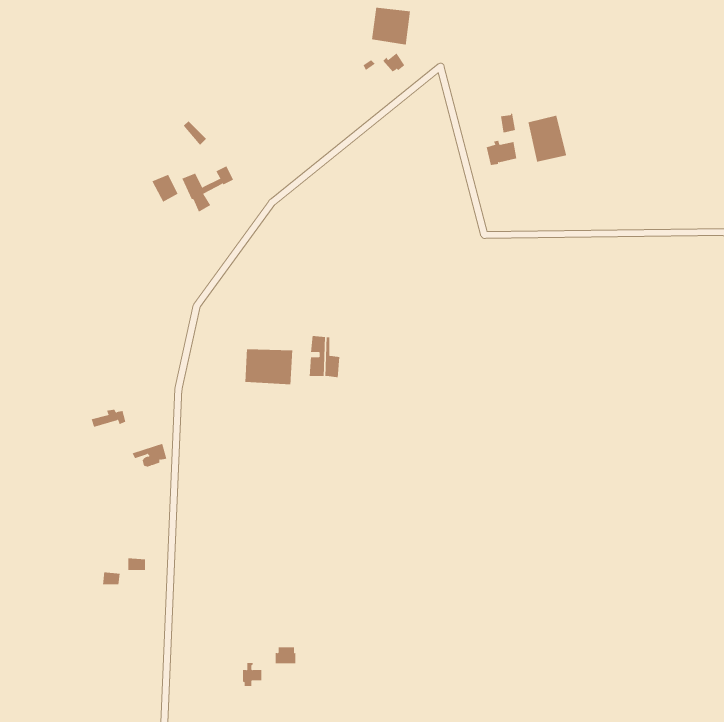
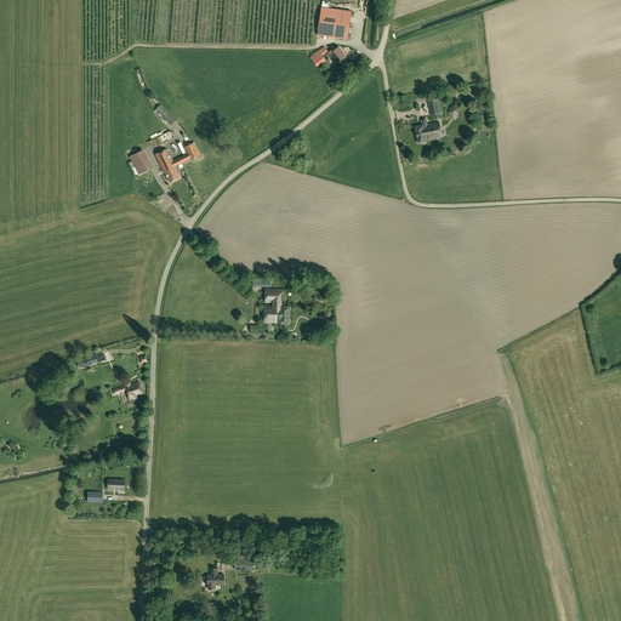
building: [528,115,567,163] -> none
building: [245,348,293,385] -> none

